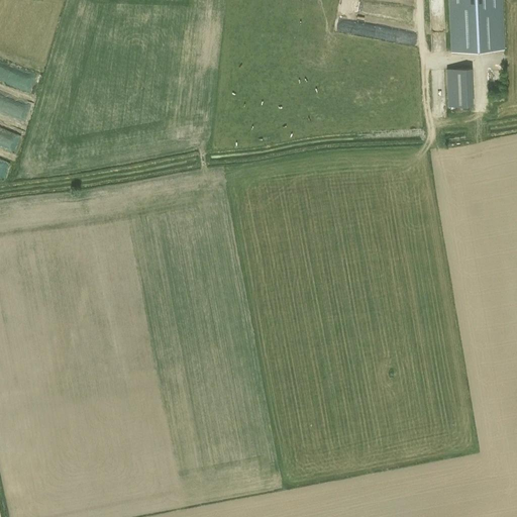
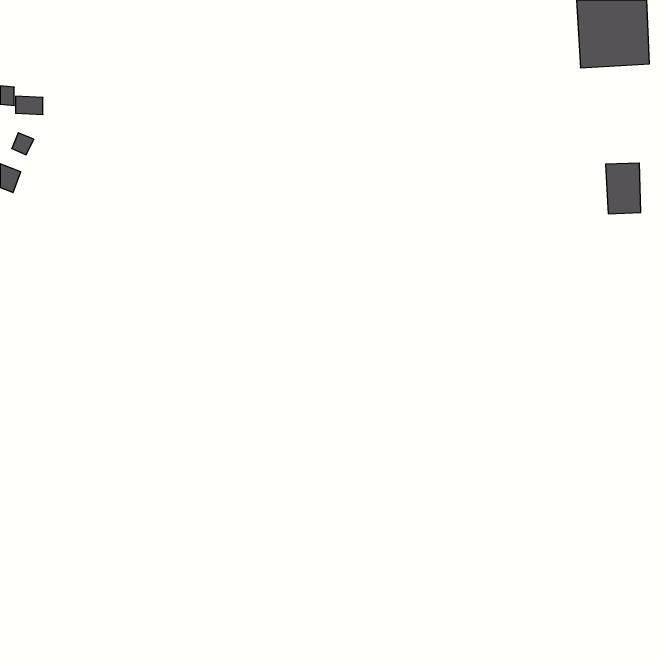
building: [445,68,473,107] -> [606,163,641,214]

